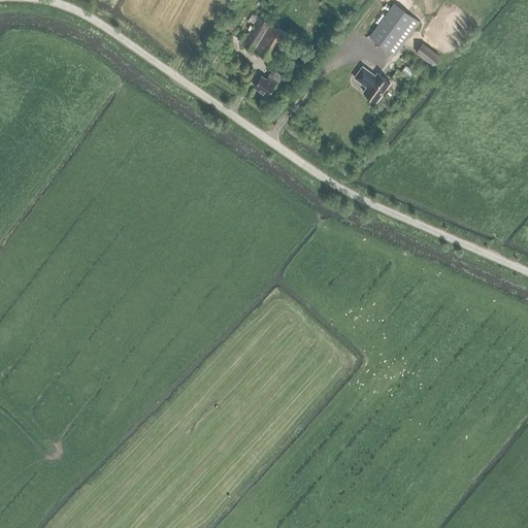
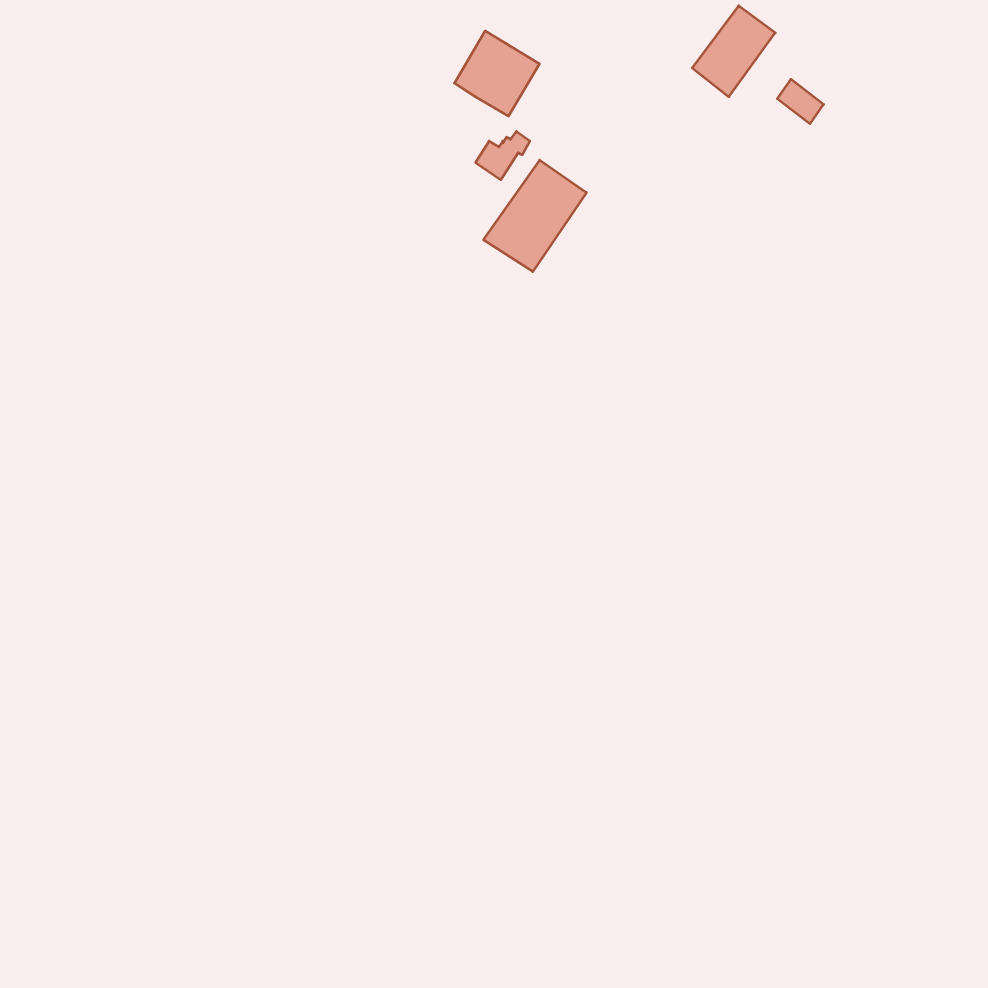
building: [354,66,390,101] -> none
building: none -> [484,160,586,272]

